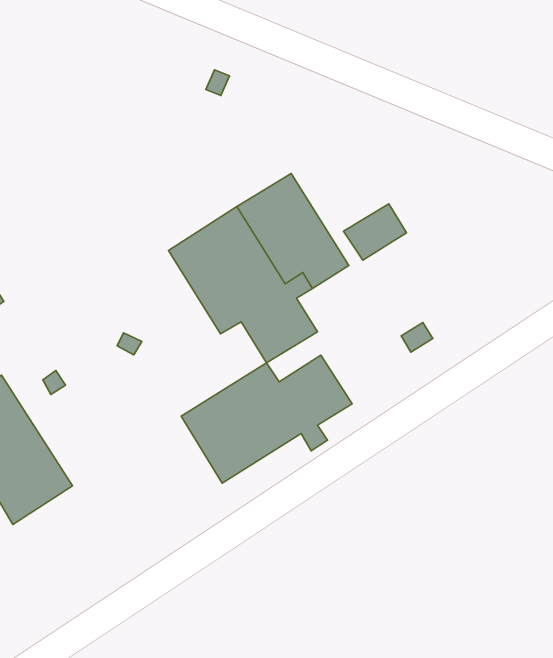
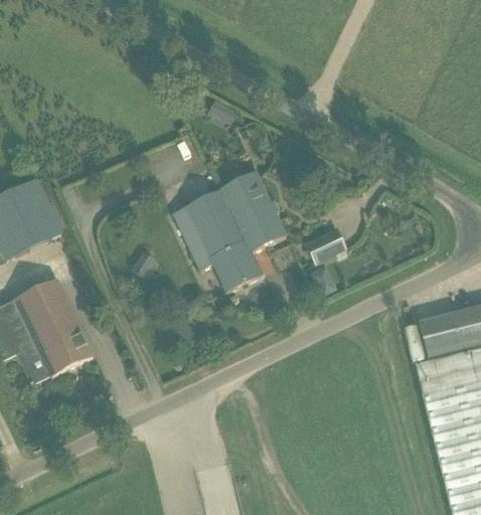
building: [344,204,407,260] -> [305,228,345,263]
building: [181,355,352,483] -> none

